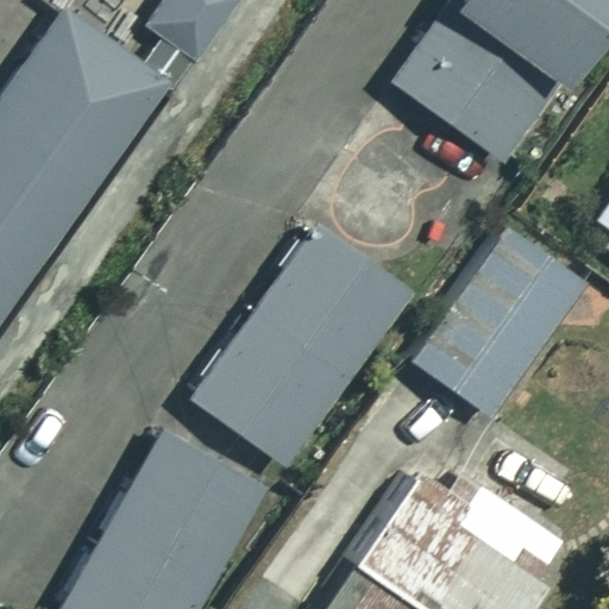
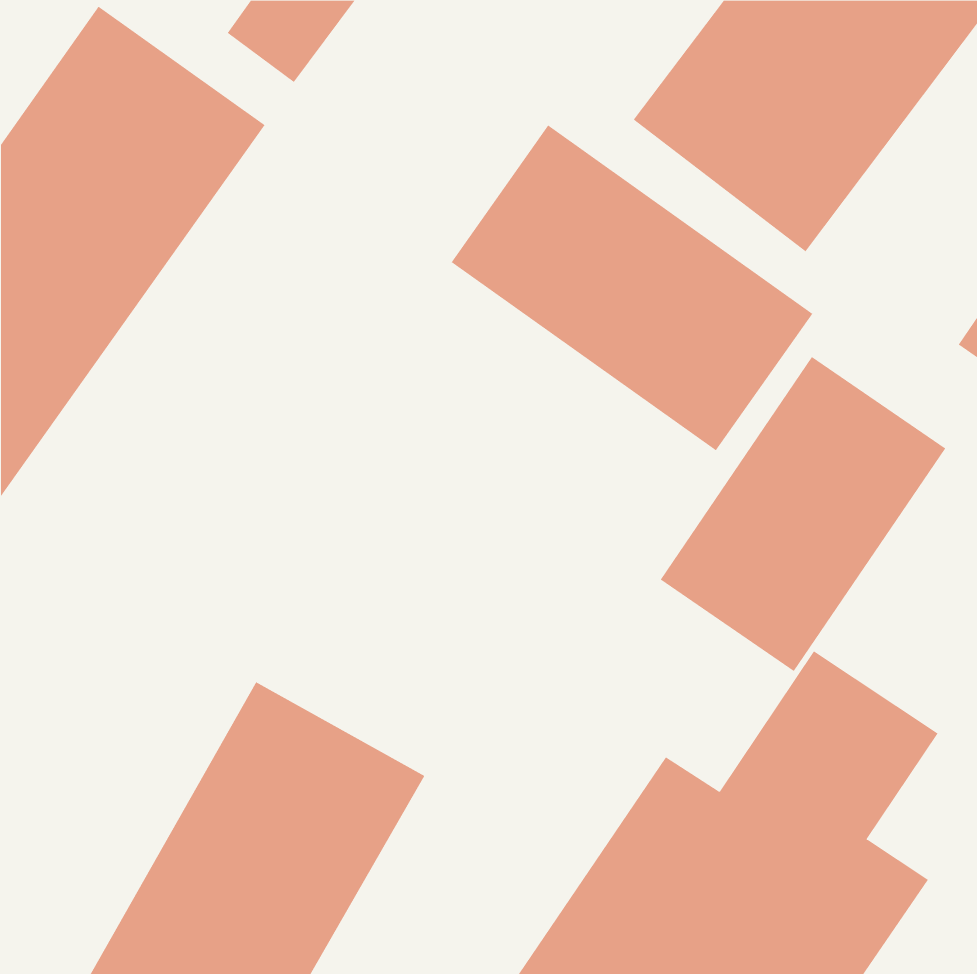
building: none -> [451,125,813,451]
building: [190,224,409,465] -> none

